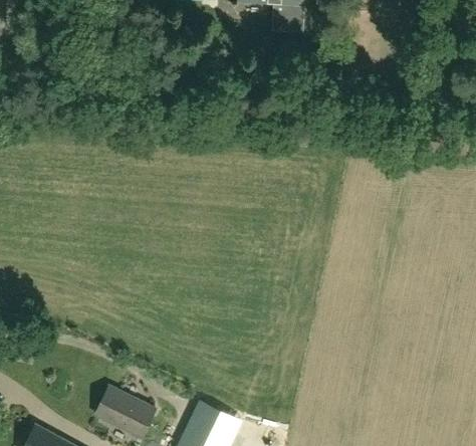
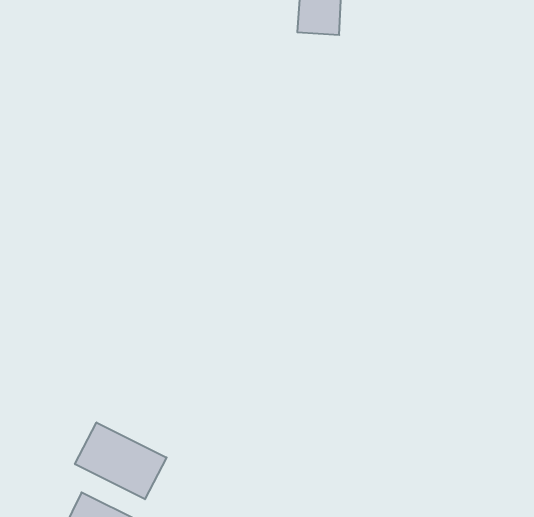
building: none -> [75,422,167,499]

